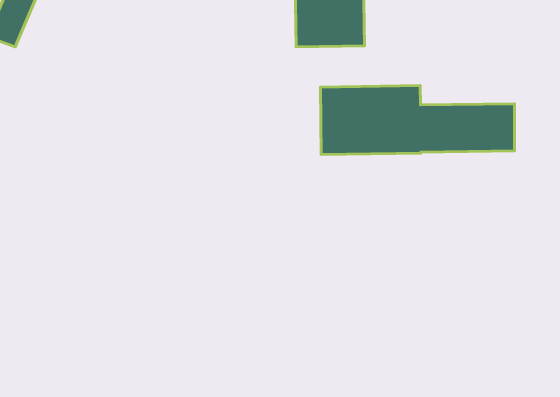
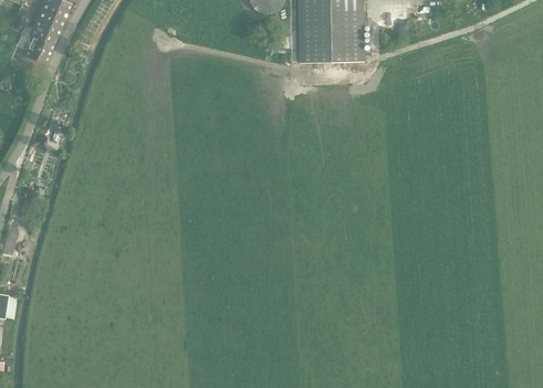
building: [321,86,515,155] -> none

